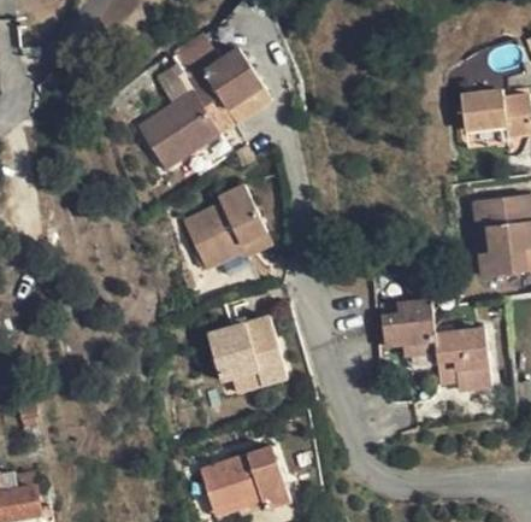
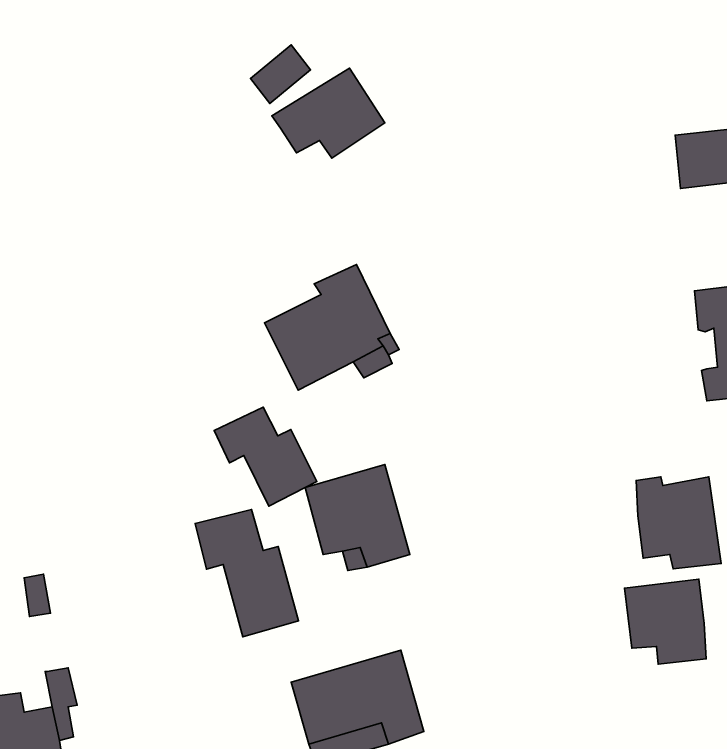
building: [138,89,236,169] -> none
building: none -> [214,407,317,506]
building: [380,299,436,357] -> [625,579,706,664]
building: none -> [195,509,298,637]

